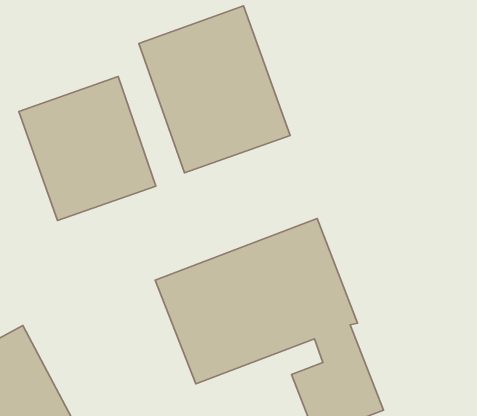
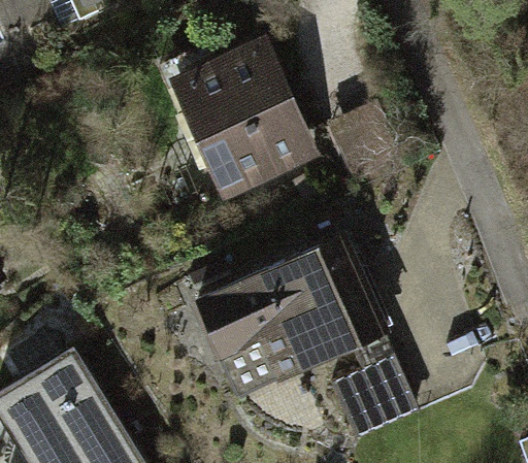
building: [19,77,156,221] -> none

